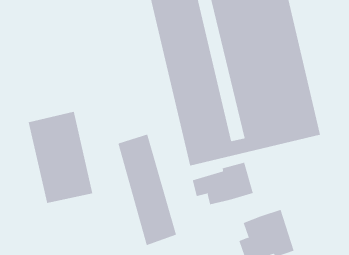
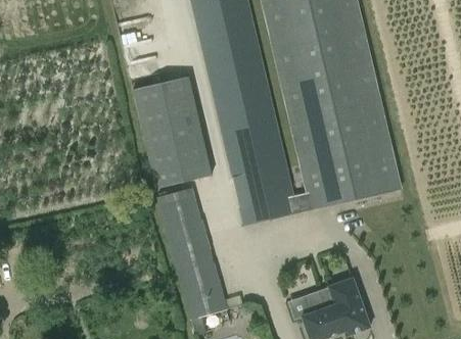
building: [28,111,93,204] -> [132,76,211,187]
building: [192,162,254,205] -> none

